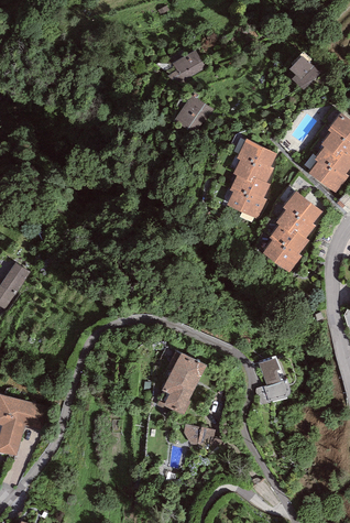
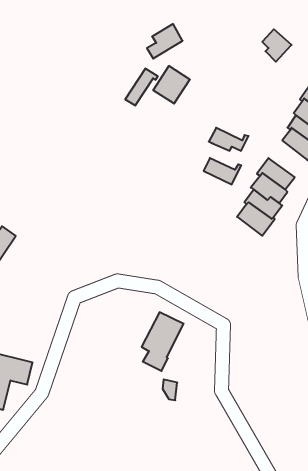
building: none -> [125,68,158,106]
building: [236,138,275,172] -> none
building: [229,175,269,203] -> none
building: [258,357,287,400] -> none

